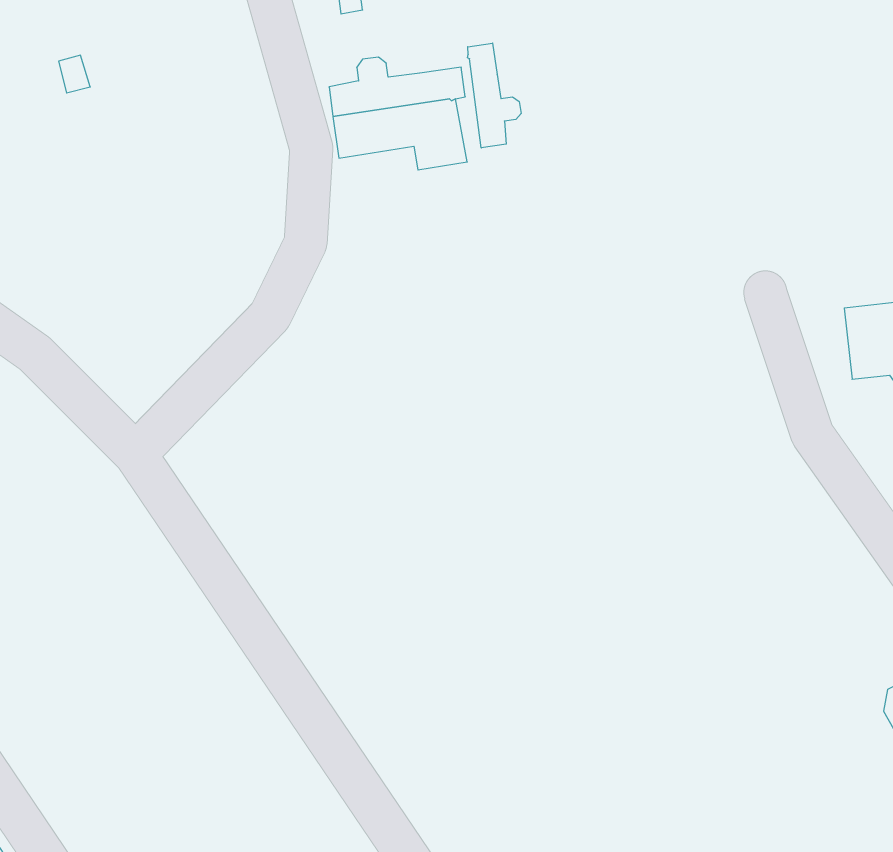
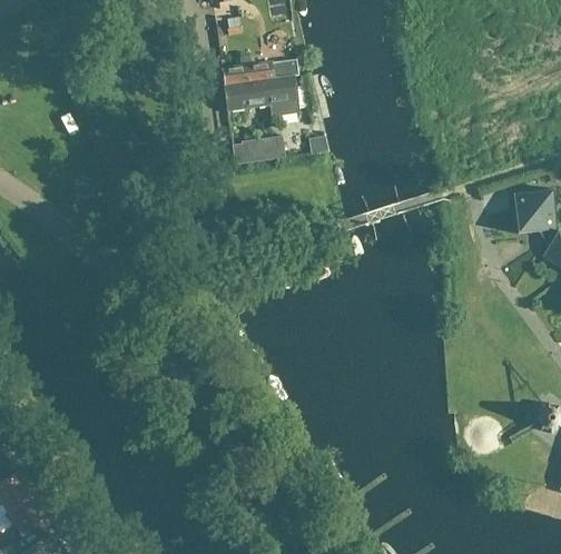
building: [468,43,521,148] -> none
building: none -> [243,136,286,162]

